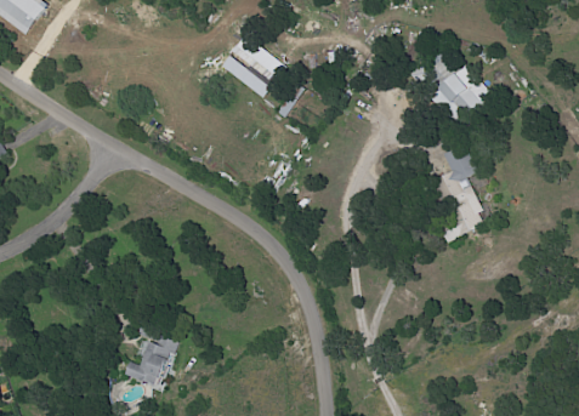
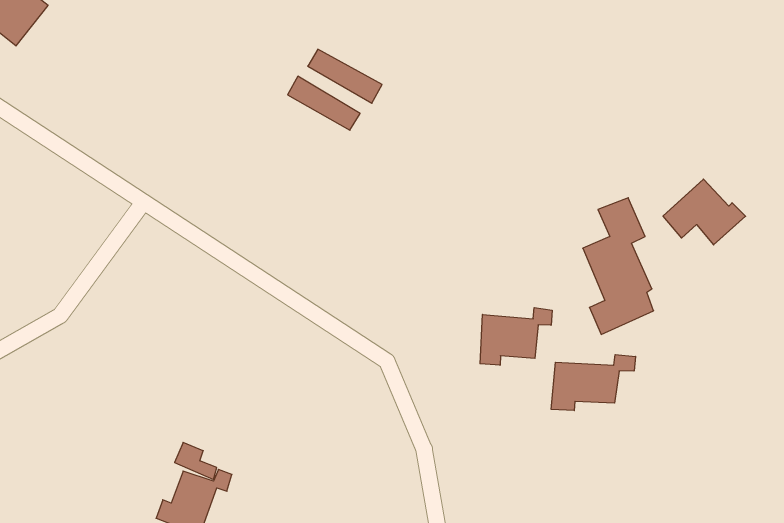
building: [431,68,490,115] -> [663,179,746,245]
building: none -> [480,308,552,365]
building: none -> [551,355,636,411]

